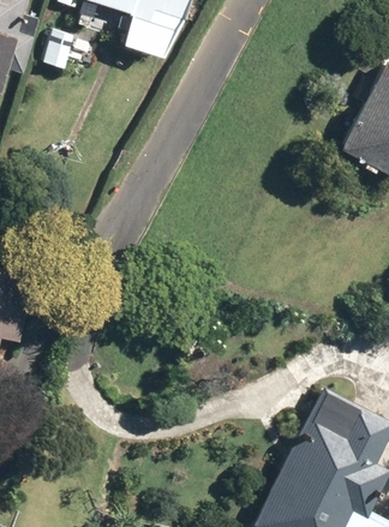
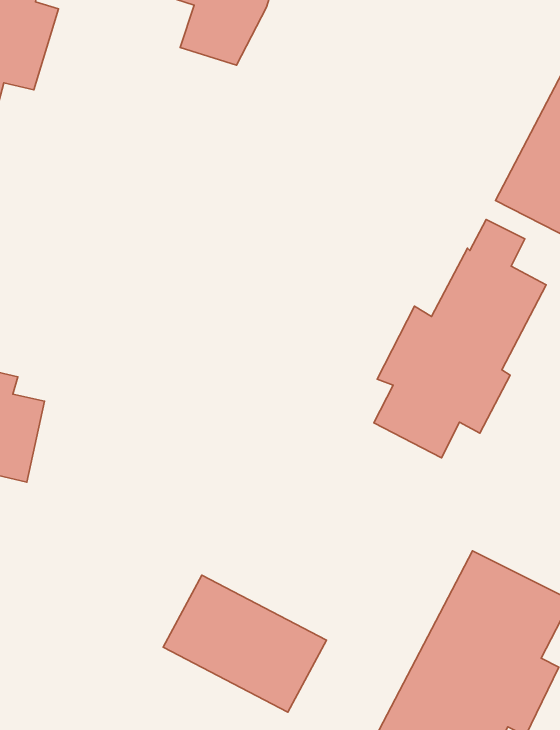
building: none -> [374,220,546,458]
building: none -> [163,575,326,712]

